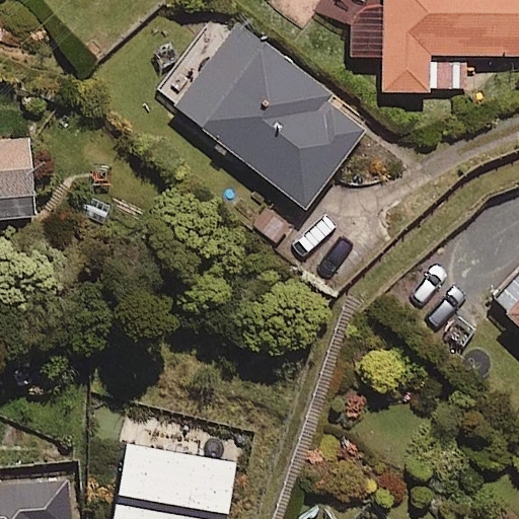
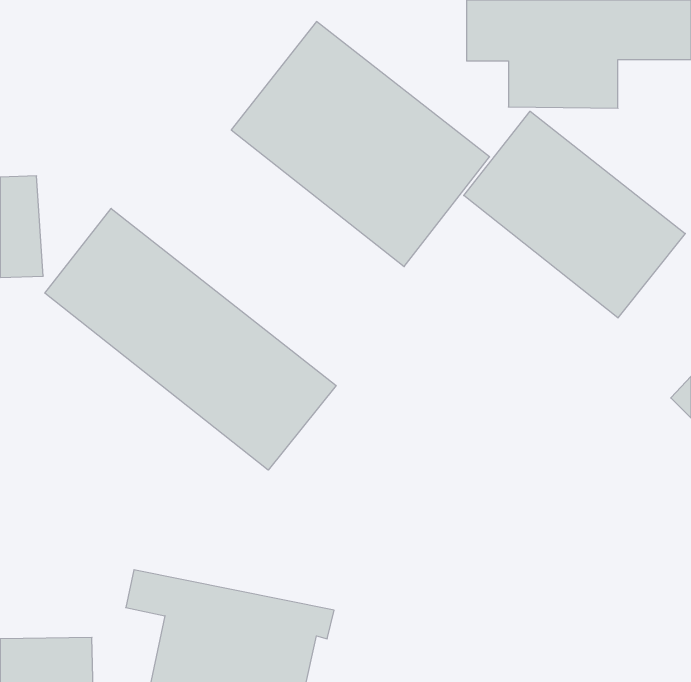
building: none -> [464,111,685,318]
building: none -> [45,208,336,470]

